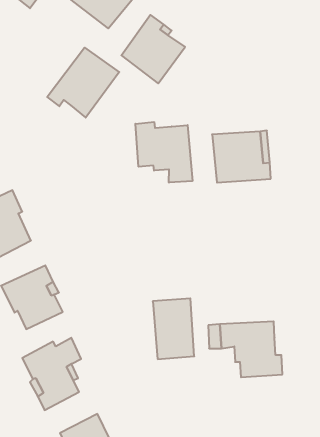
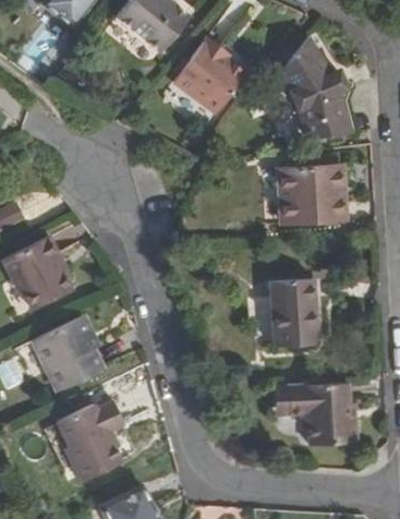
building: none -> [278,38,349,141]
building: [47,48,119,118] -> none
building: [135,122,192,183] -> none
building: [153,298,194,359] -> [269,278,316,347]

